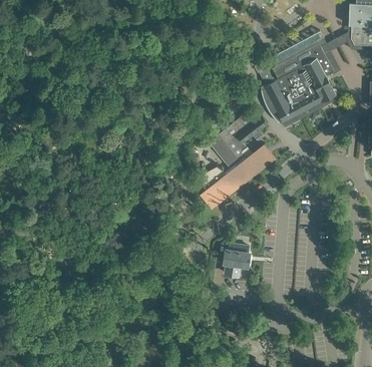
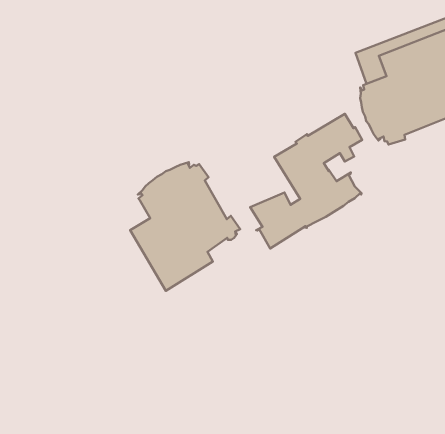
building: none -> [130,162,240,291]
building: [225,245,250,276] -> none

